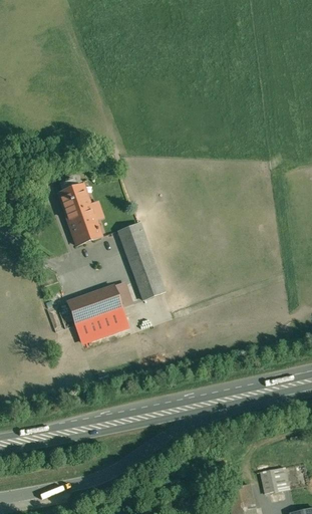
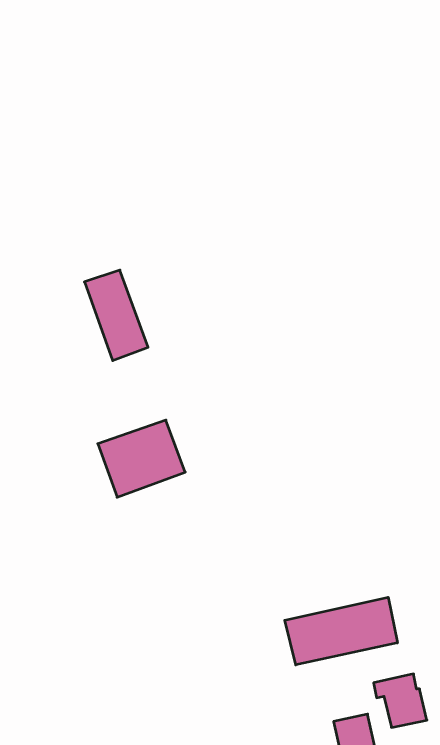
building: [119,223,165,299] -> none
building: none -> [285,597,397,665]

